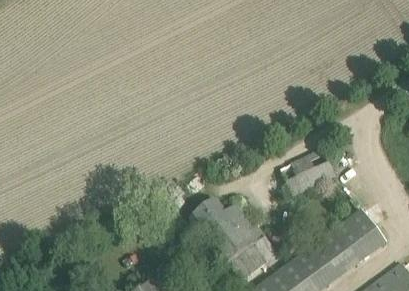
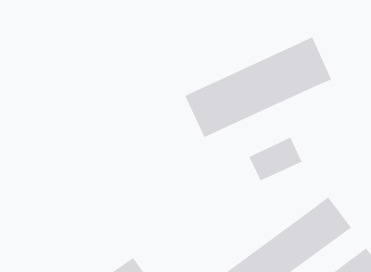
building: none -> [184,37,332,138]
building: [190,197,276,281] -> none

